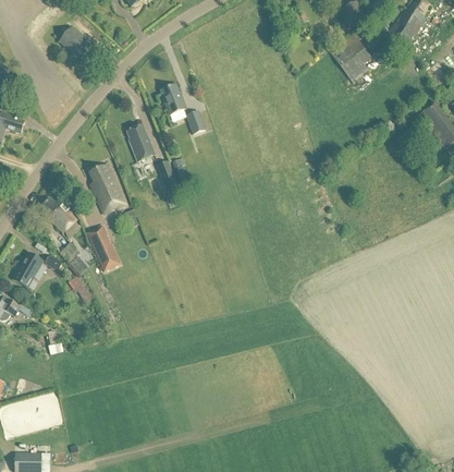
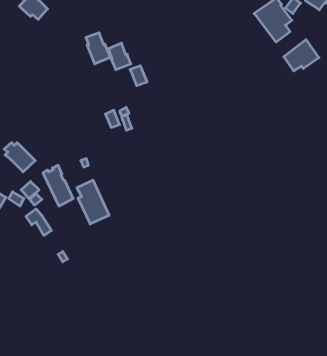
building: none -> [284,40,319,71]
building: [127,125,156,161] -> [86,33,111,64]
building: [89,164,126,214] -> [77,180,109,224]

